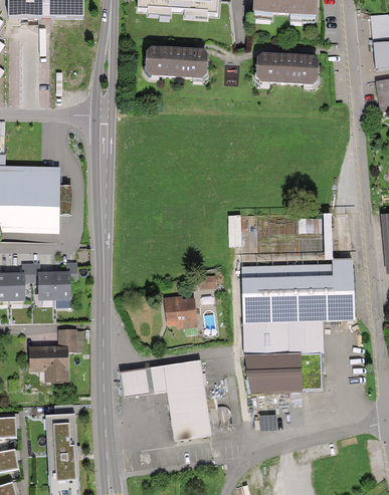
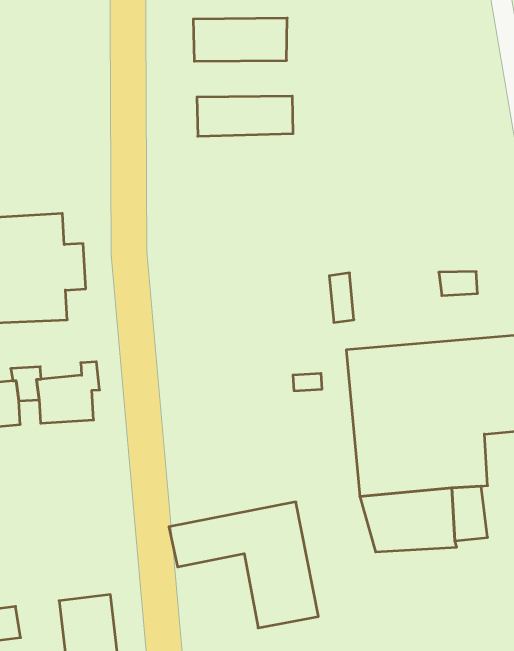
building: [261,55,324,82] -> [197,96,293,136]
building: [161,295,196,330] -> none
building: [27,329,77,383] -> none

